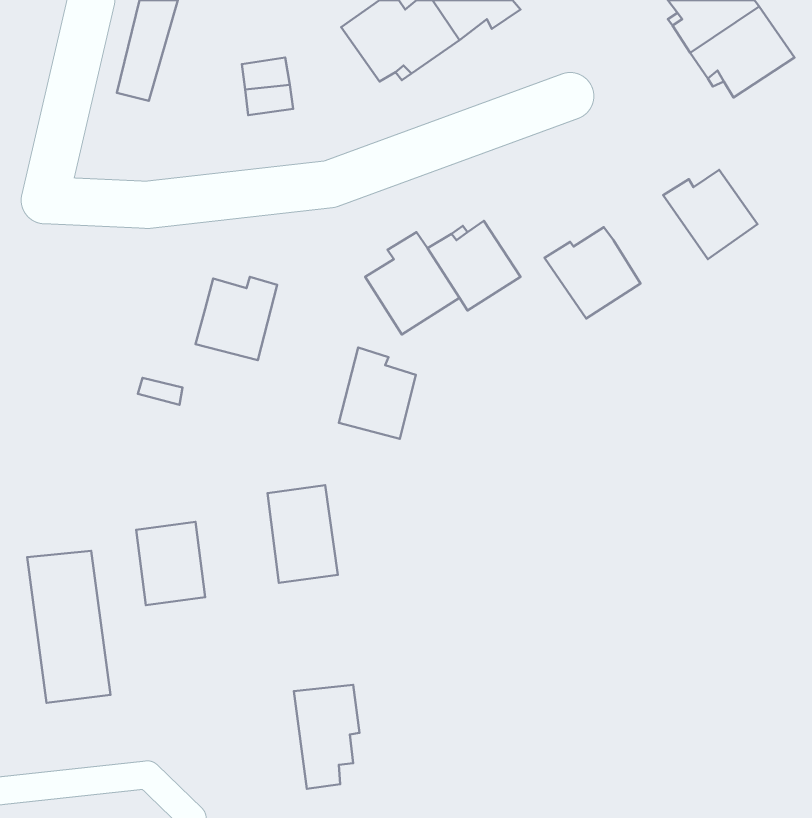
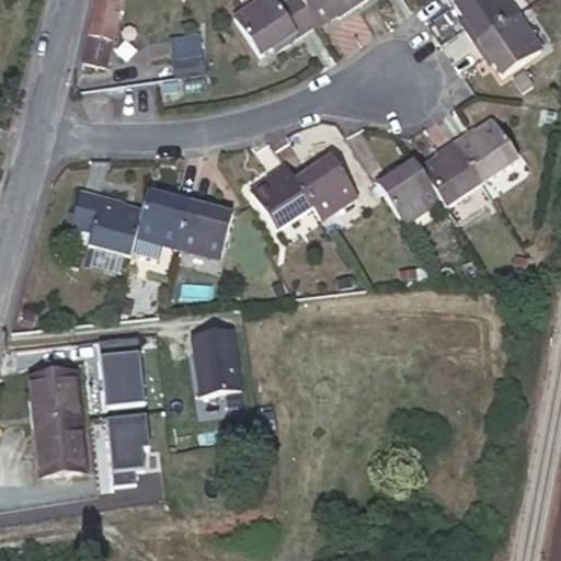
building: none -> [424,134,489,204]
building: none -> [73,188,145,255]
building: [339,347,416,439] -> [181,195,233,257]
building: [294,685,360,789] -> [106,422,151,493]

